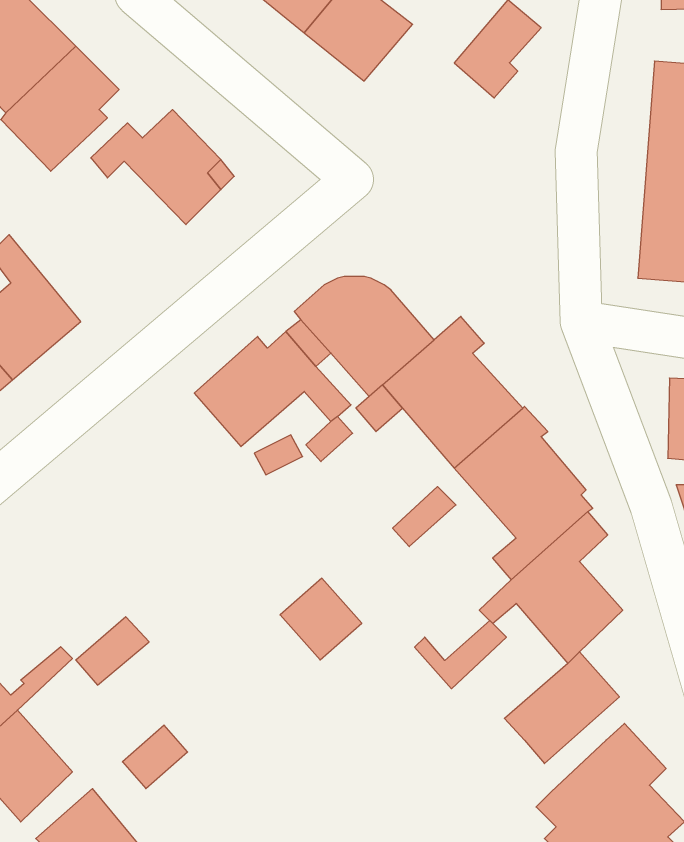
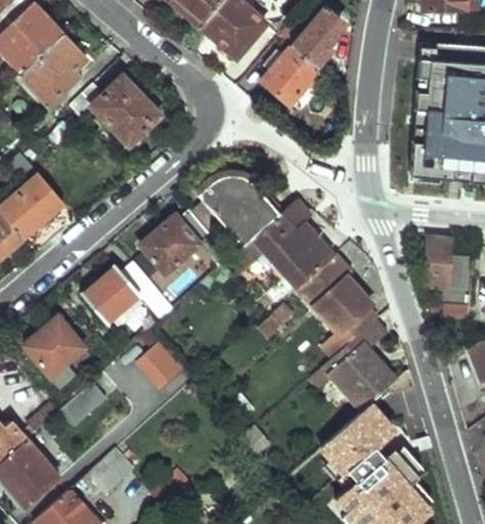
building: none -> [265,44,323,102]
building: none -> [83,259,173,321]
building: none -> [25,315,86,386]
building: [280,578,362,660] -> [134,342,184,392]
building: [415,620,506,689] -> [332,449,388,491]

